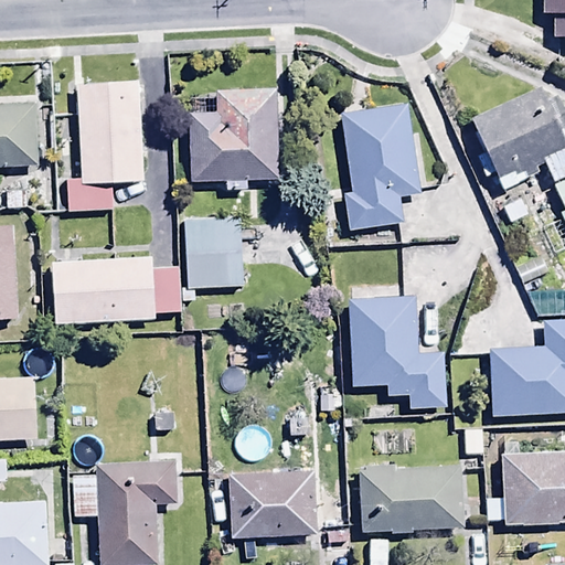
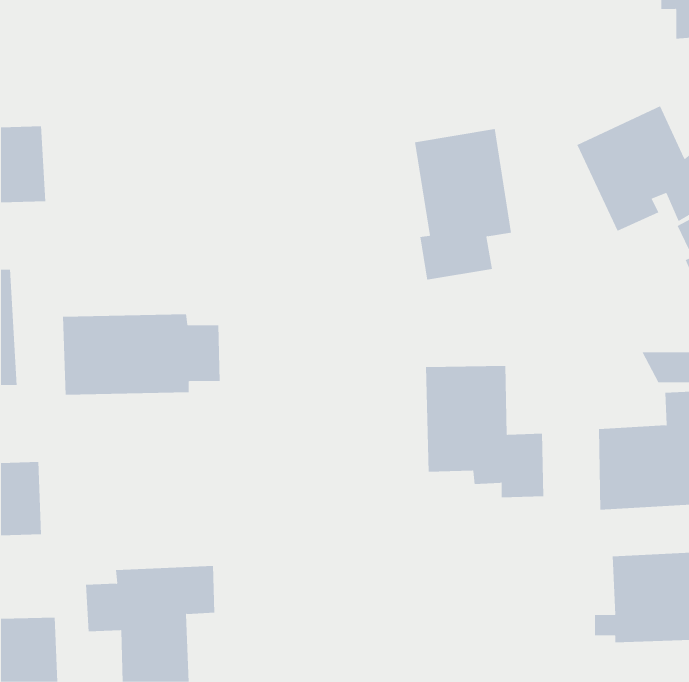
building: [66,79,145,211] -> none
building: [190,88,278,190] -> none
building: [183,213,246,287] -> none
building: [360,467,463,533] -> none
building: [227,472,316,536] -> none

